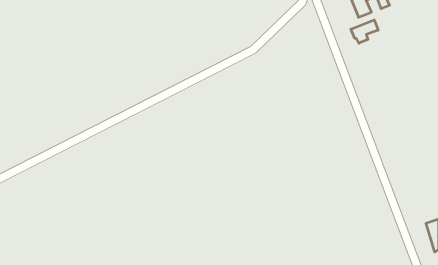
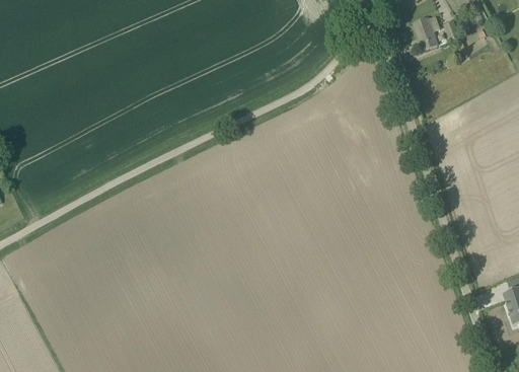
building: [351,20,378,43] -> none

